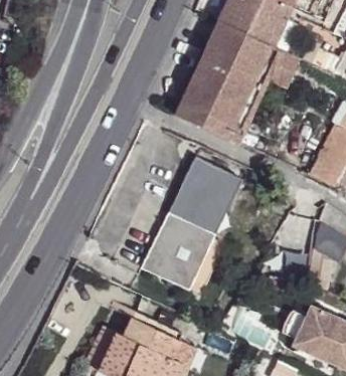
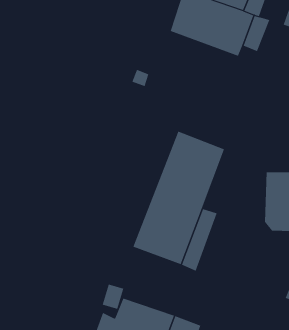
building: [172,59,263,144] -> none

